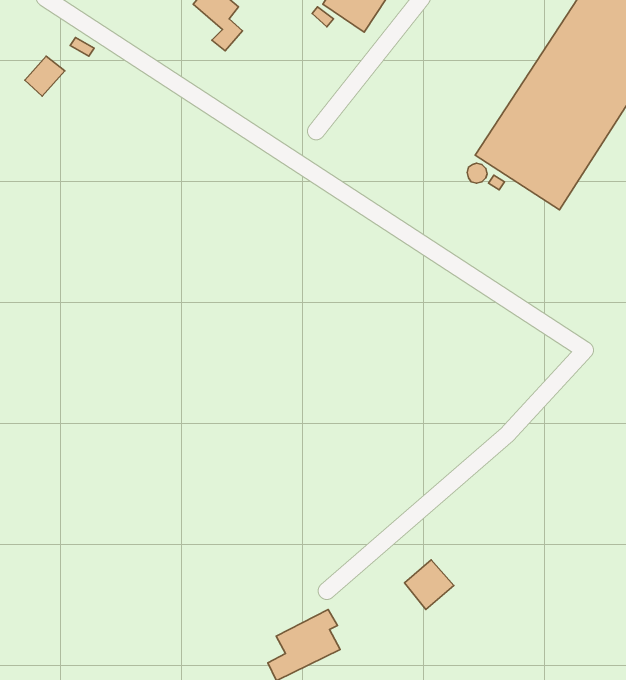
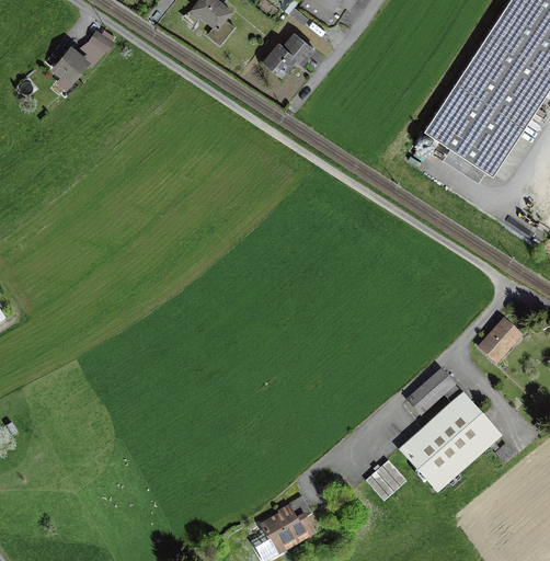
building: none -> [263,32,313,73]
building: none -> [480,319,520,360]
building: none -> [399,369,502,493]

